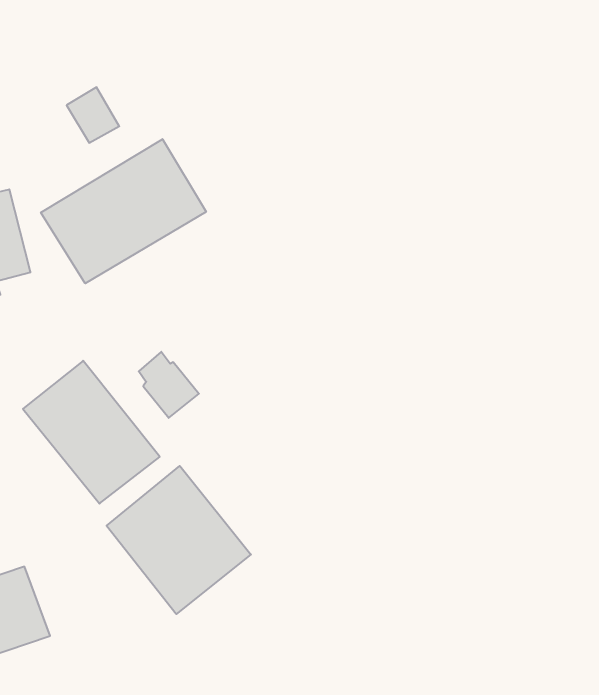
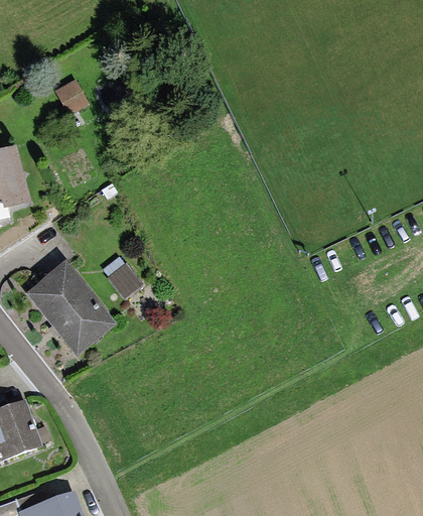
building: [41,139,206,283] -> none
building: [107,466,251,614] -> none

